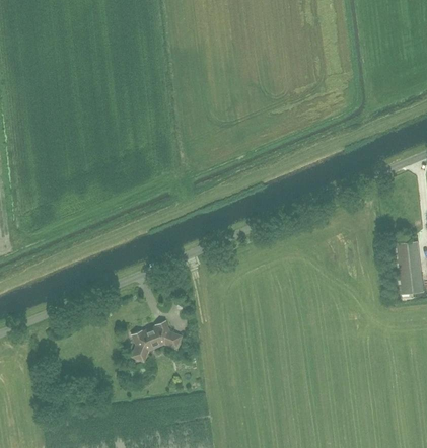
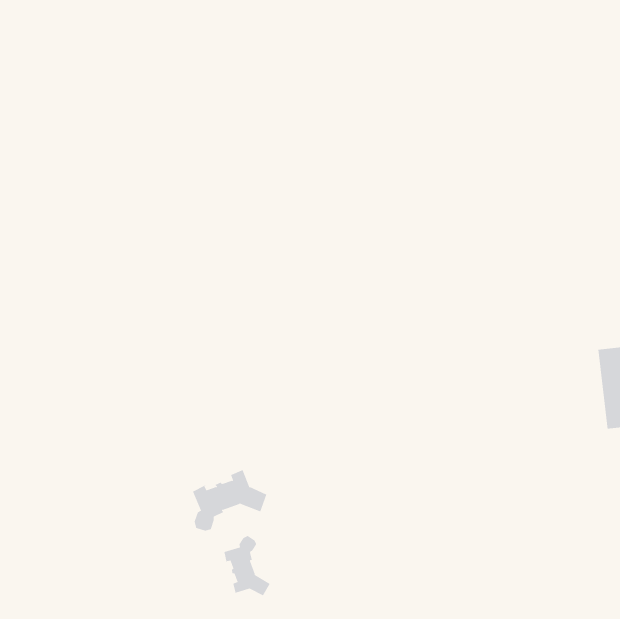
building: none -> [224,535,271,596]

